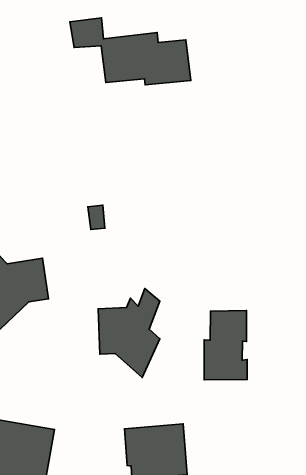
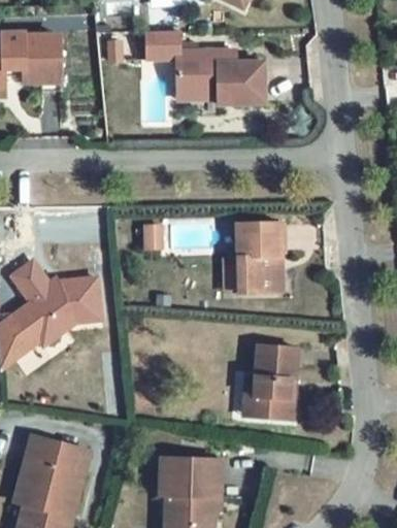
building: none -> [226,223,285,293]
building: [98,289,160,378] -> none

